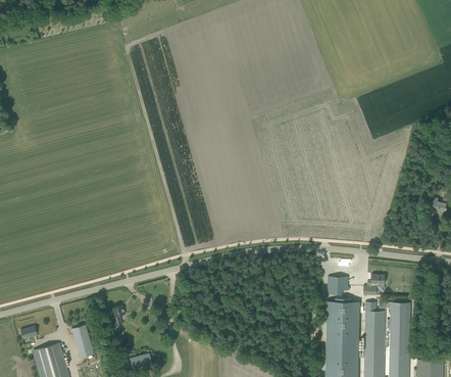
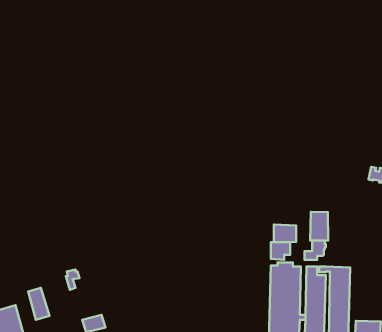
building: none -> [310,212,328,240]
building: none -> [274,225,296,242]

